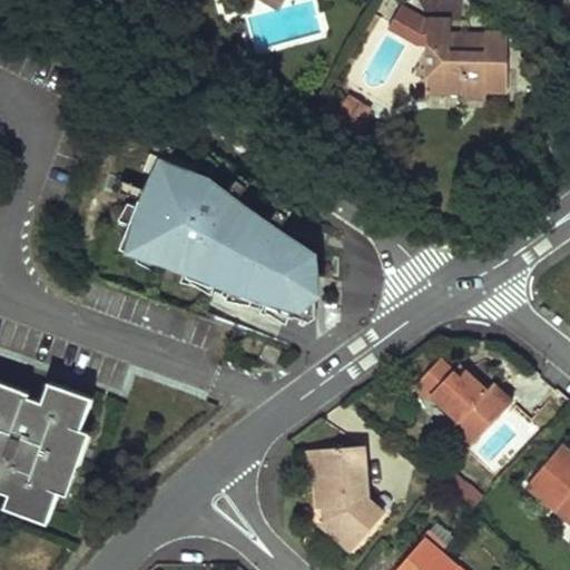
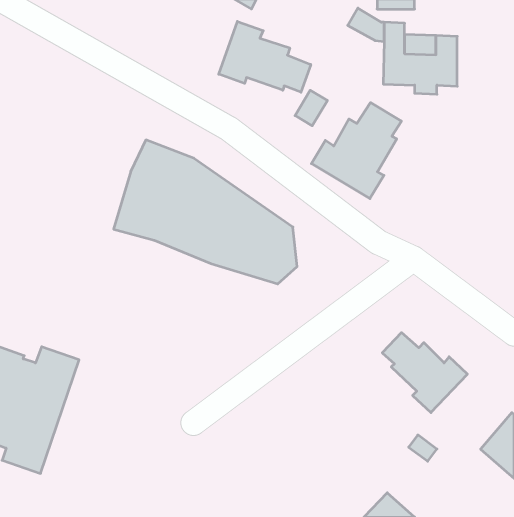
building: none -> [219,21,311,92]
building: none -> [311,103,401,199]
building: [311,446,387,552] -> none

